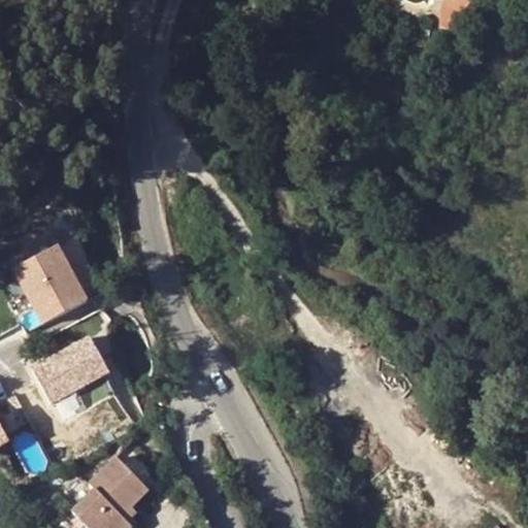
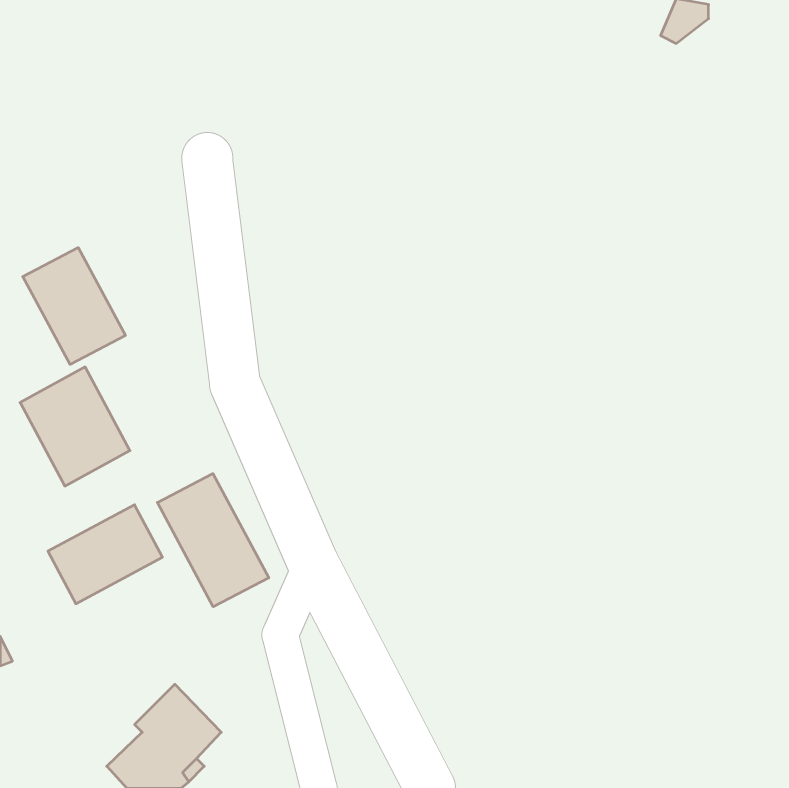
building: none -> [23,248,125,364]
building: none -> [157,474,269,607]

